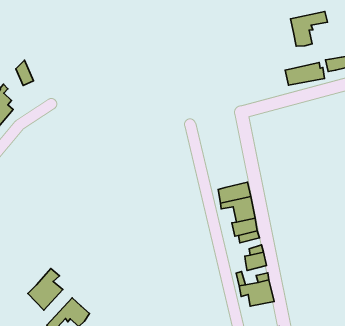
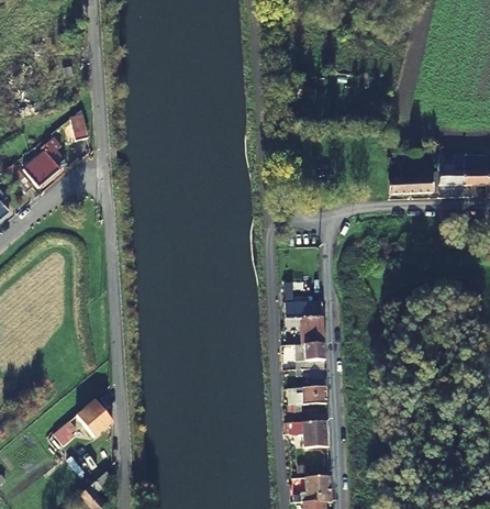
building: [291,11,327,46] -> none
building: [28,268,63,310] -> none

